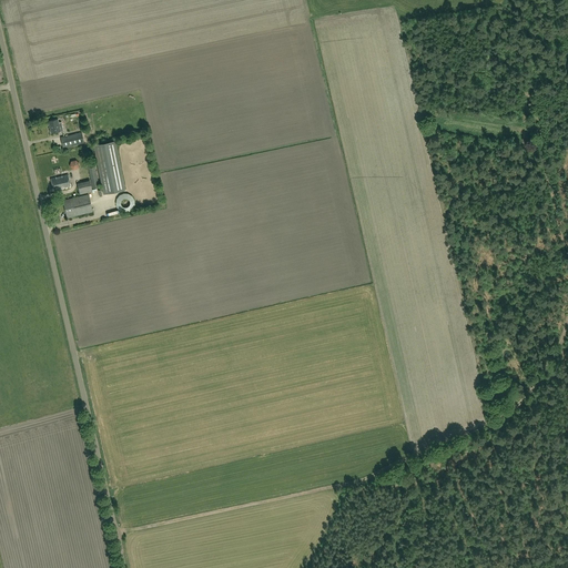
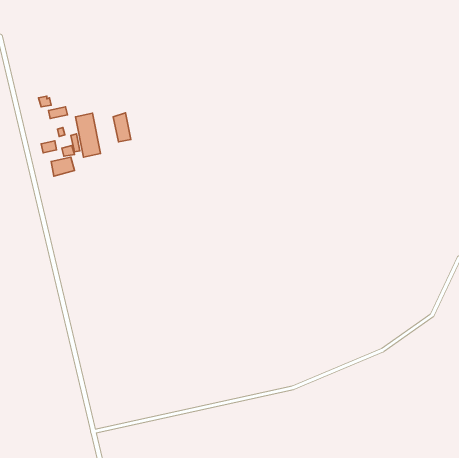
building: none -> [113,113,131,142]

